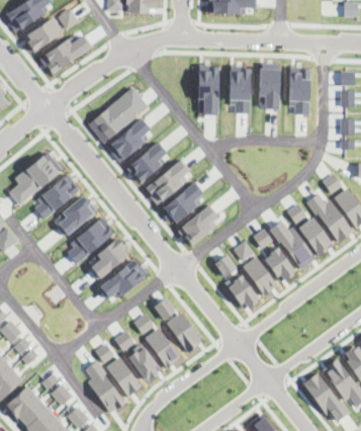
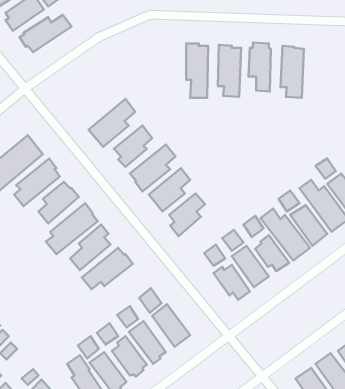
building: [87,87,149,144] -> none

